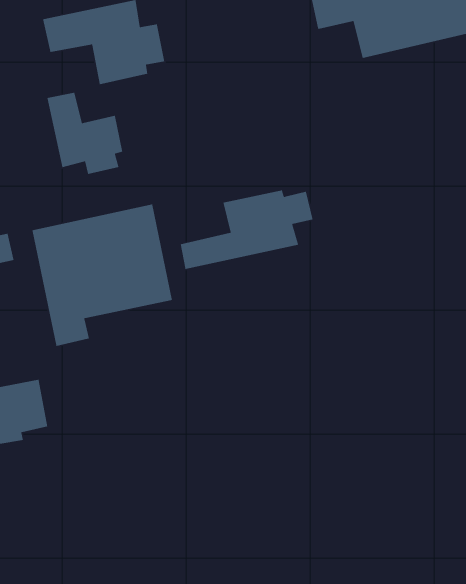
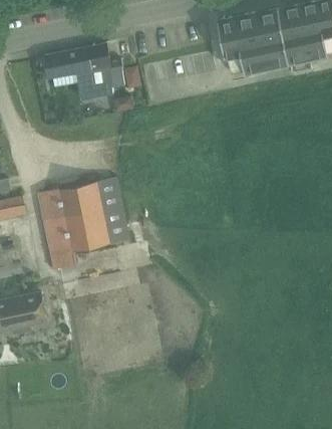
building: [47,92,123,175] -> none
building: [180,189,313,270] -> none

